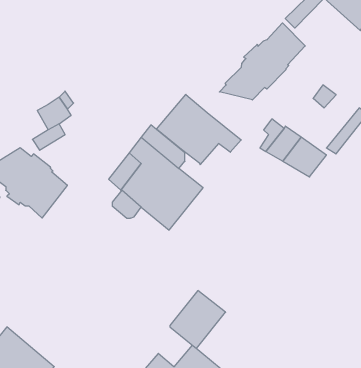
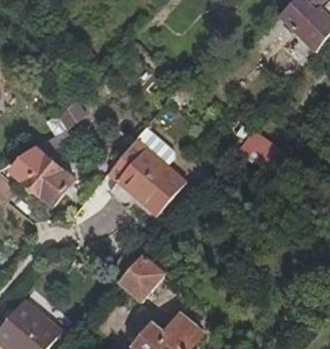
building: [219,23,305,100] -> none
building: [157,94,241,165] -> none
building: [170,291,226,349] -> [118,254,164,302]

